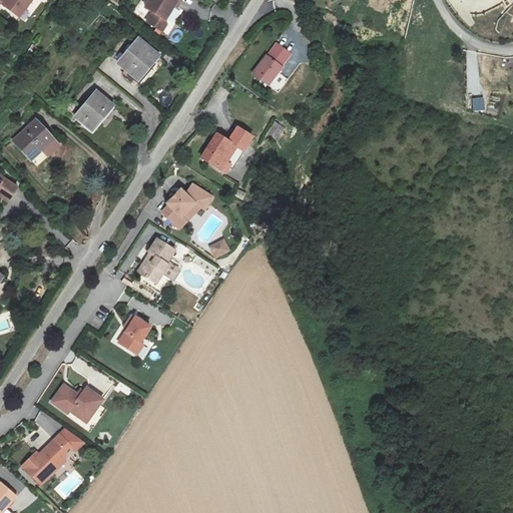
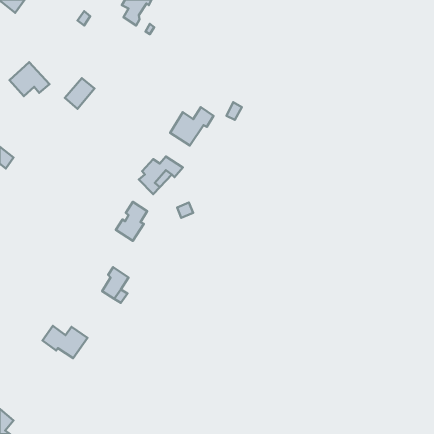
building: [118,38,158,77] -> none
building: [250,41,292,85] -> none
building: [12,118,59,158] -> [9,62,49,96]
building: [20,428,78,484] -> none

